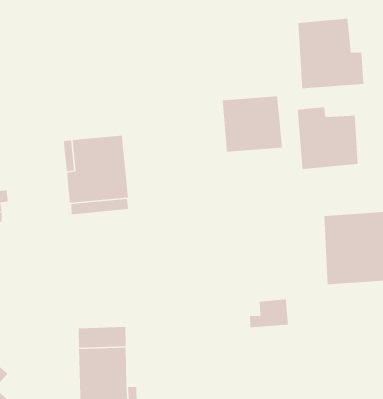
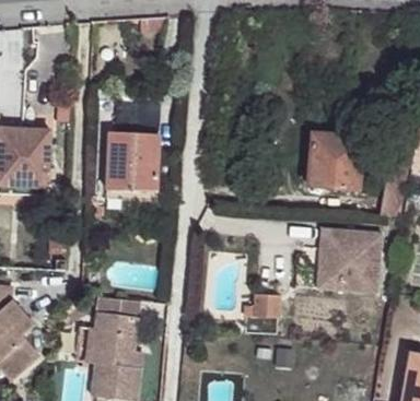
building: [297,18,364,89] -> none
building: [222,96,283,152] -> none

